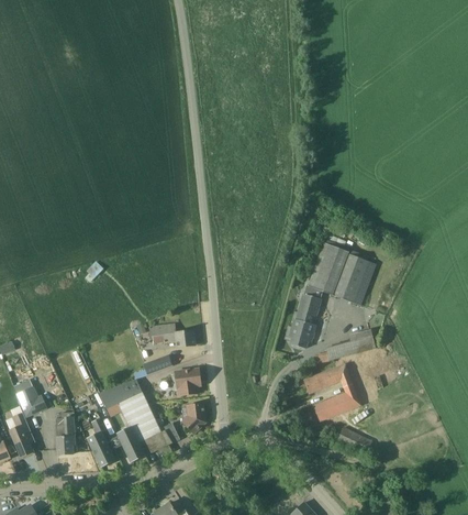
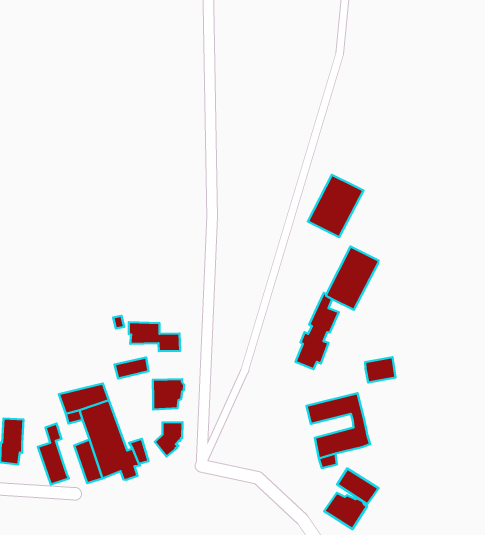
building: [333,254,376,305] -> [308,175,364,237]
building: none -> [324,493,367,529]

